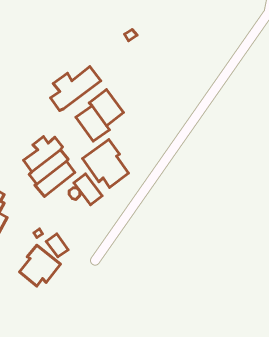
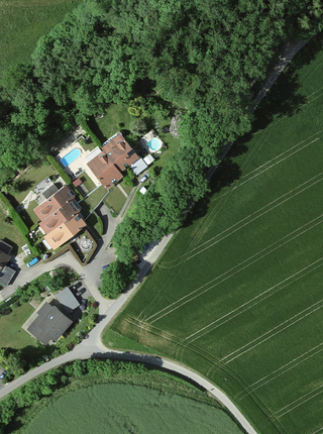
building: [50,67,101,110] -> none
building: [82,140,129,187] -> none
building: [74,174,102,205] -> none

